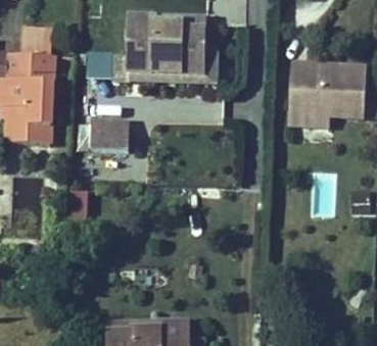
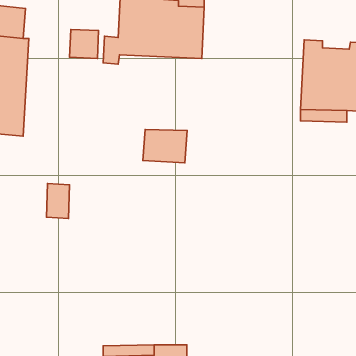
building: [95,122,134,152] -> [143,129,187,163]

